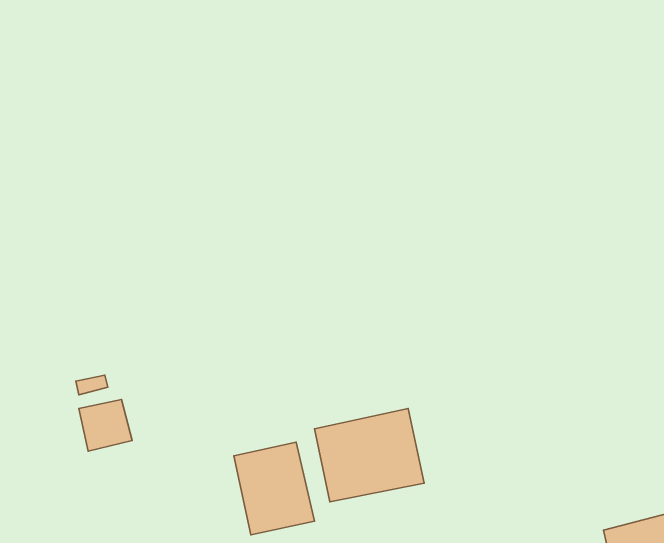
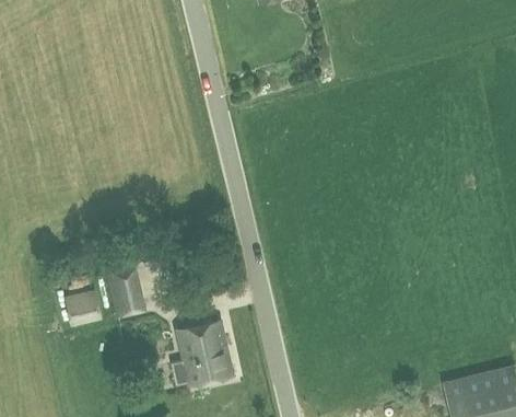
building: none -> [106,266,149,318]
building: [315,408,424,502] -> none

